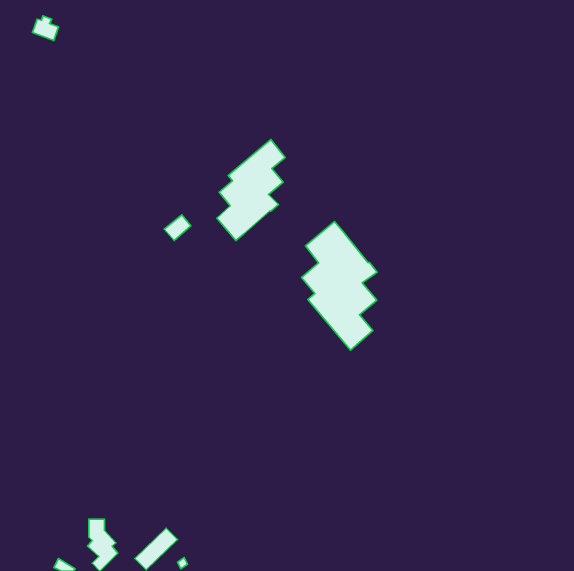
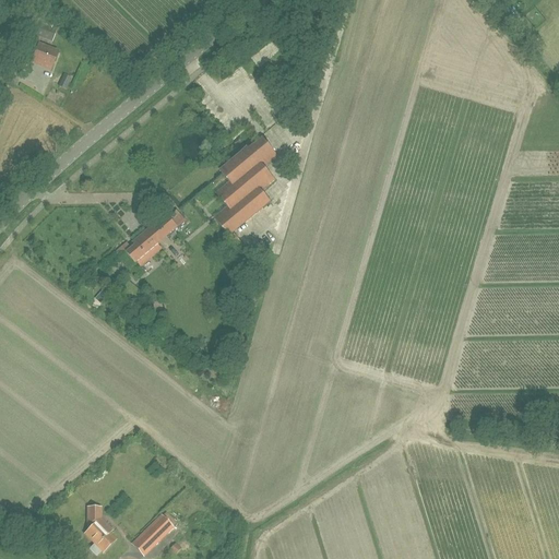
building: none -> [31,41,58,68]
building: [301,221,377,350] -> none
building: none -> [116,230,159,261]

